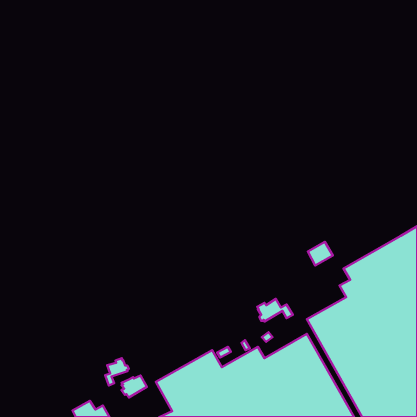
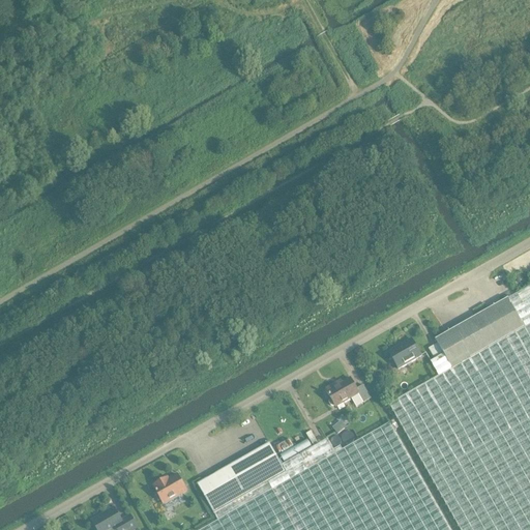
building: [308,242,333,265] -> [389,340,421,370]
building: [105,358,129,386] -> none

